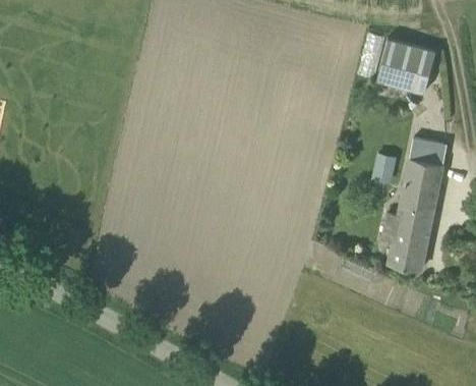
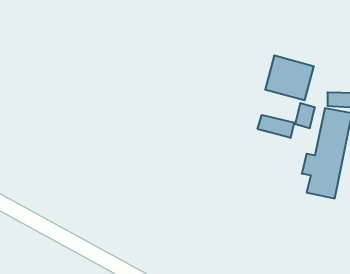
building: [375,40,435,95] -> [265,56,314,100]
building: none -> [258,115,294,138]

